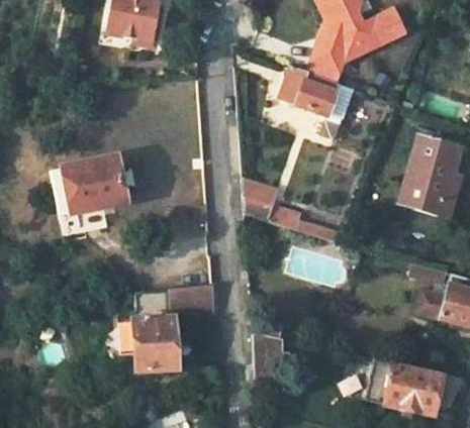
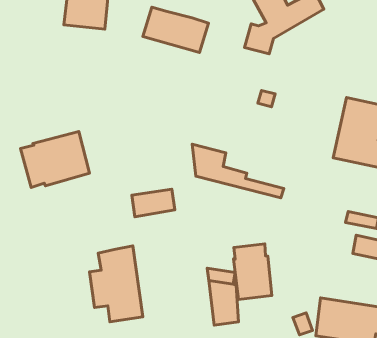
building: [279,67,354,121] -> [143,7,209,53]
building: [169,284,216,312] -> [132,189,175,217]
building: none -> [234,244,272,300]

